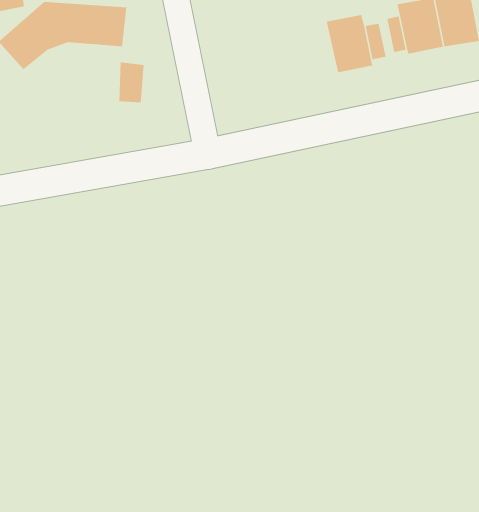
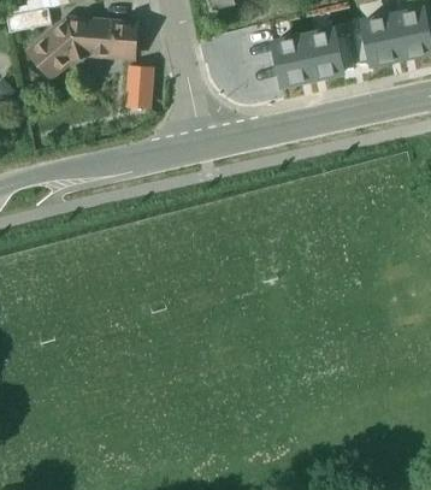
building: none -> [272,35,312,84]

